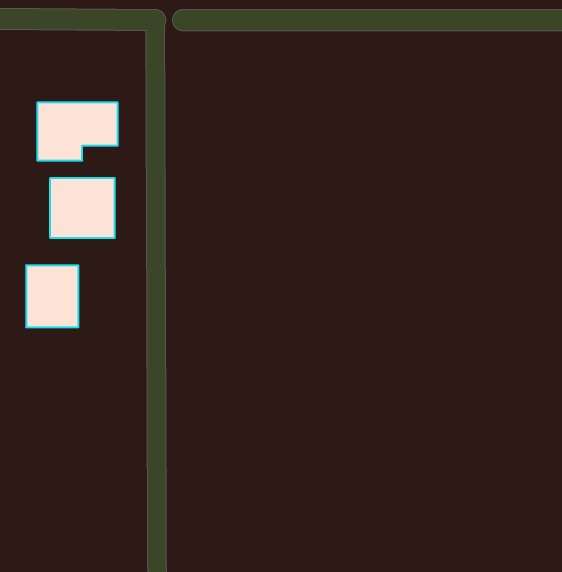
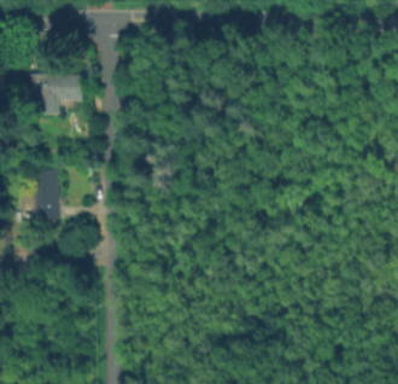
building: [50,178,115,238] -> none

